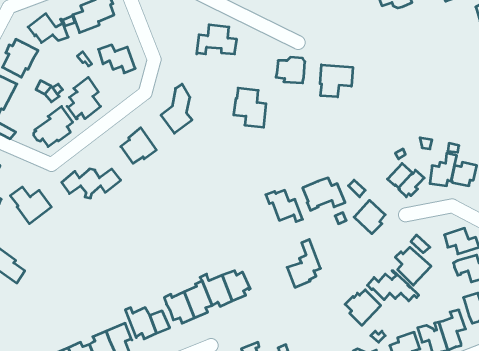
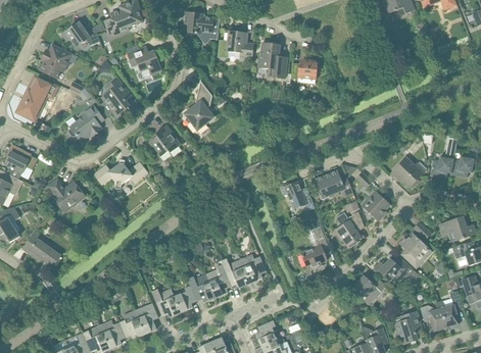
building: none -> [184,11,220,40]
building: [320,65,353,97] -> none
building: [234,88,266,127] -> [257,42,287,78]
building: none -> [336,210,365,246]

